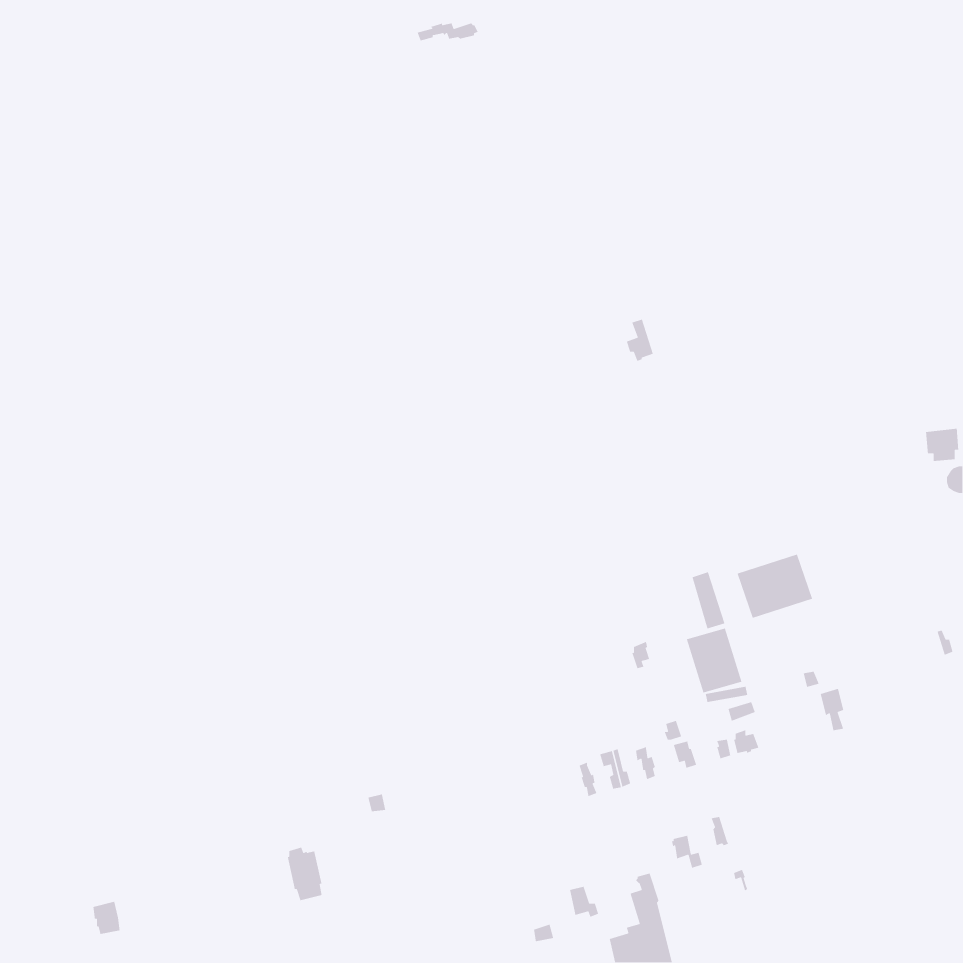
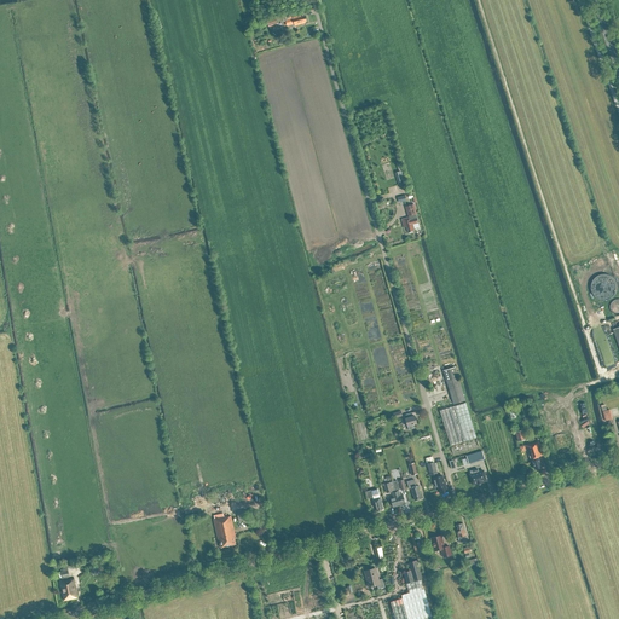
building: [736,553,813,619] -> none
building: [287,847,323,901] -> [213,513,236,548]

